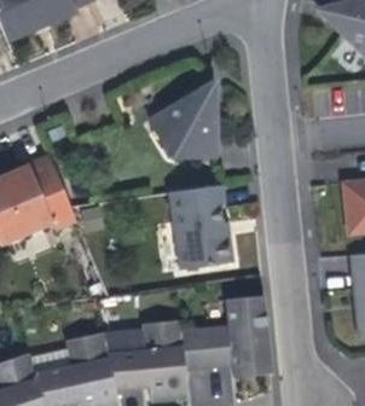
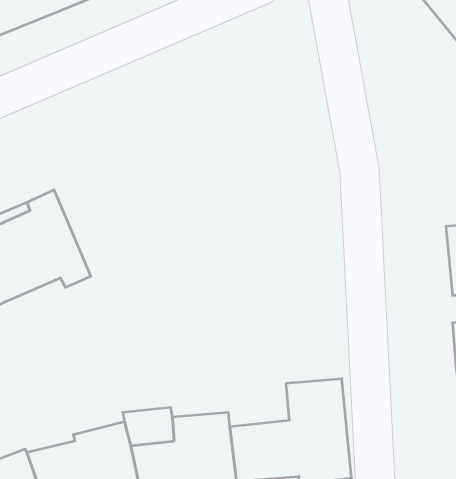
building: [150,82,214,157] -> none
building: [169,184,232,269] -> none

